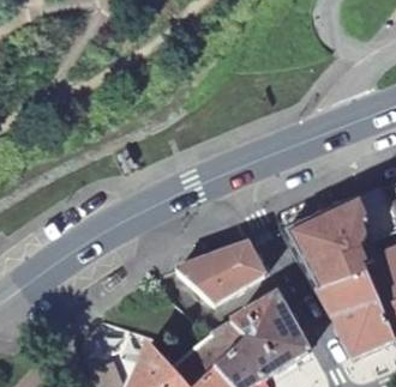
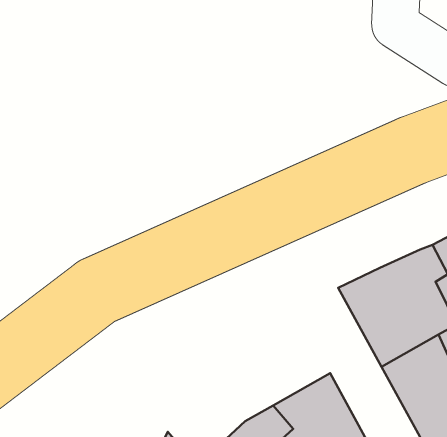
building: [176,242,265,303] -> none

